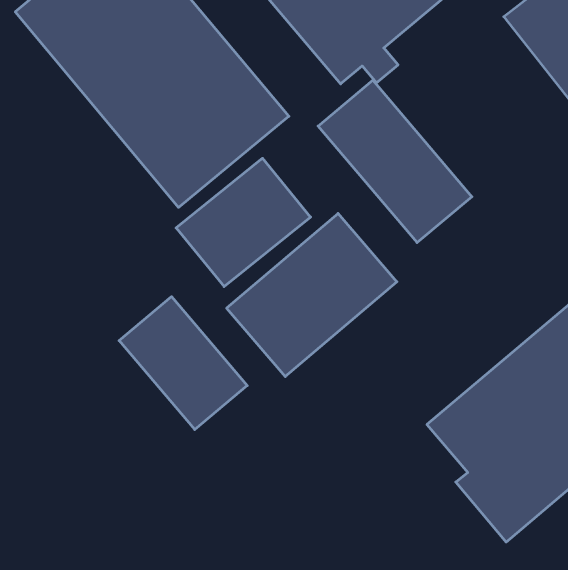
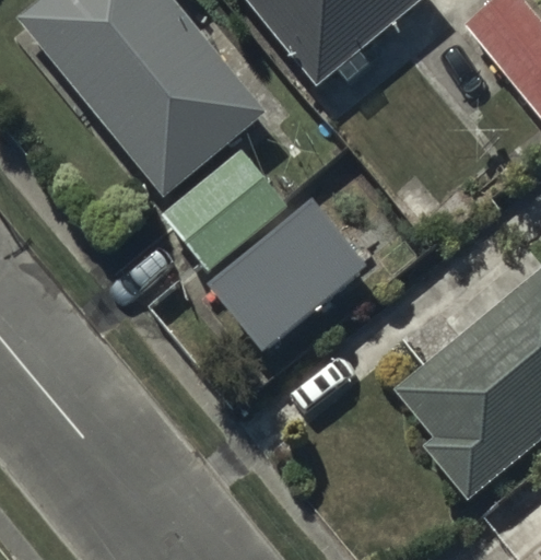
building: [318,80,472,243] -> none
building: [119,297,247,430] -> none

